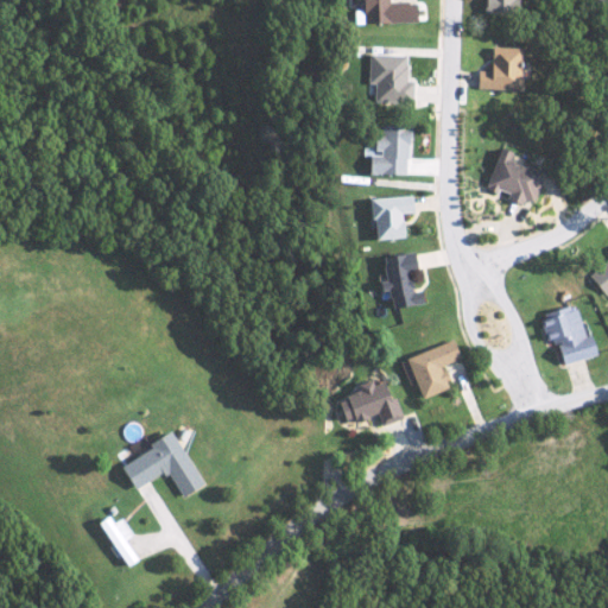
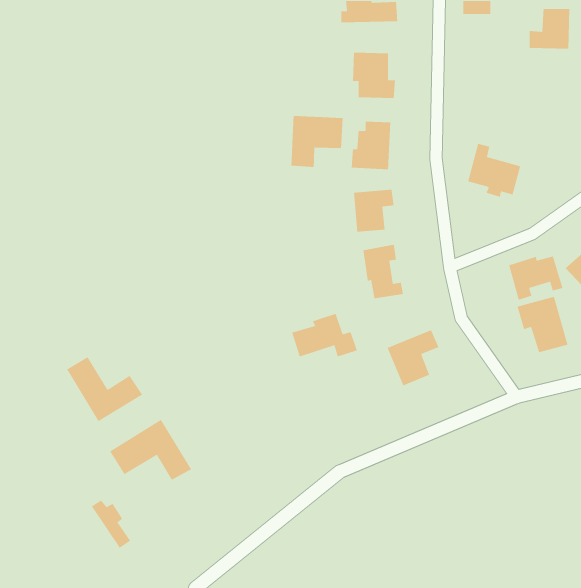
building: [479,46,521,89] -> [529,8,570,50]
building: none -> [291,115,344,168]
building: none -> [508,255,563,301]
building: none -> [66,356,143,422]
building: [336,379,405,425] -> [291,313,358,358]

